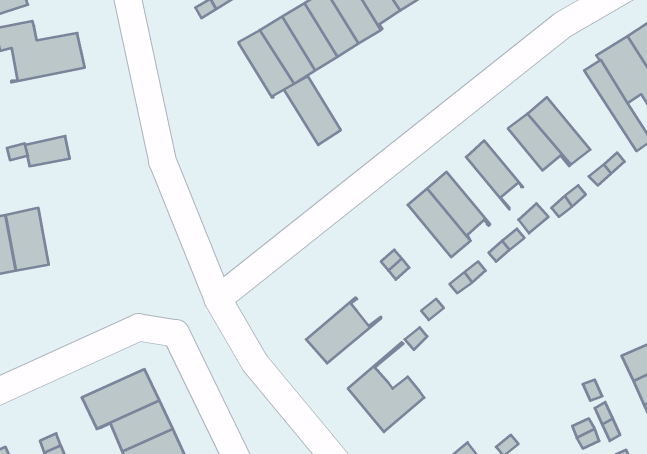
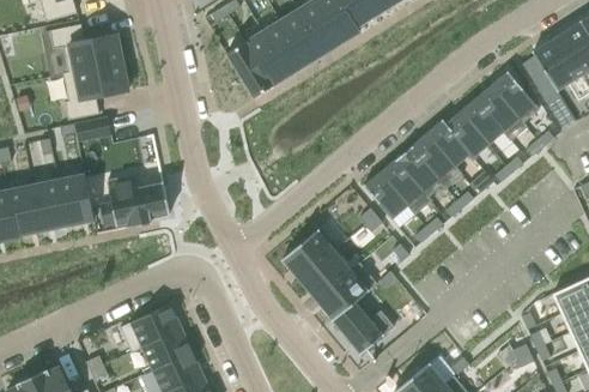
building: none -> [62,62,127,120]
building: [284,76,341,145] -> [225,43,271,98]
building: none -> [491,72,538,128]
building: none -> [441,111,487,158]
building: none -> [411,134,461,188]
building: none -> [362,173,414,219]
building: none -> [98,176,169,228]
building: none -> [280,227,338,281]
building: none -> [315,264,375,320]

